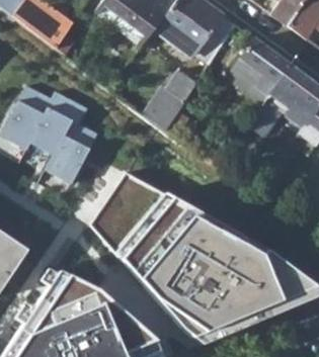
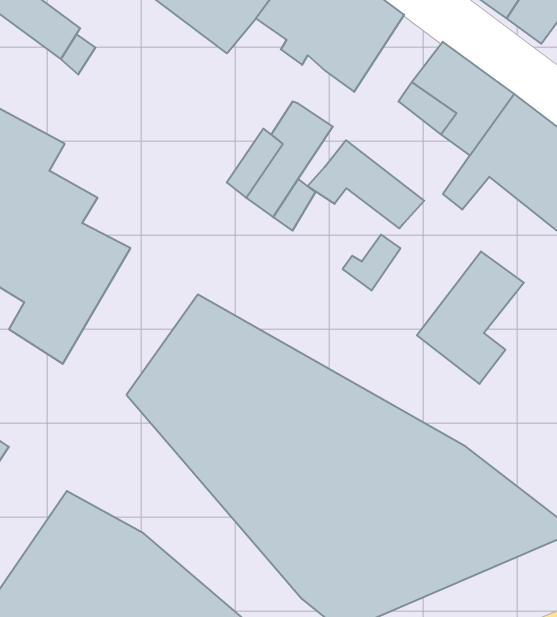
building: none -> [308,140,424,228]
building: none -> [417,251,524,384]

